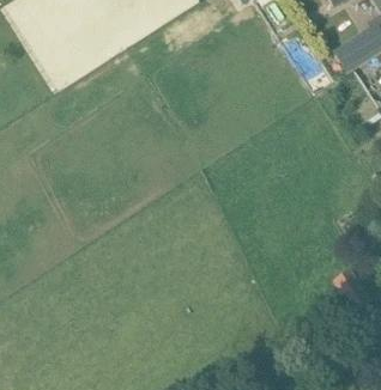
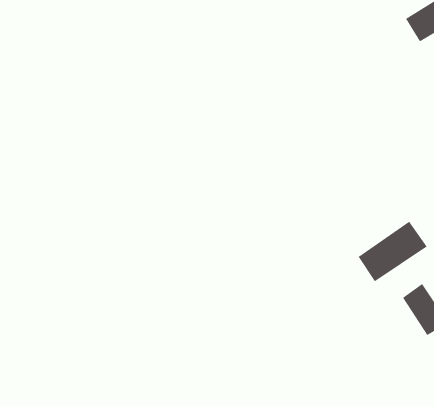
building: none -> [358,221,428,282]

